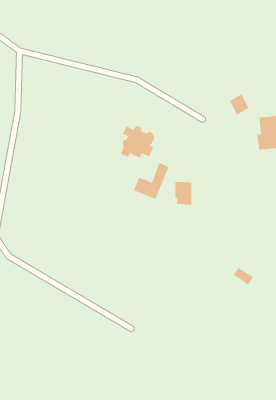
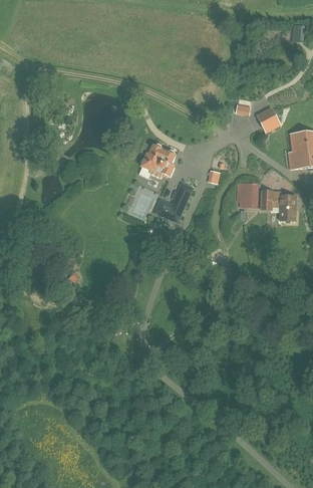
building: none -> [260,188,296,220]
building: [175,181,192,205] -> [237,181,256,207]

